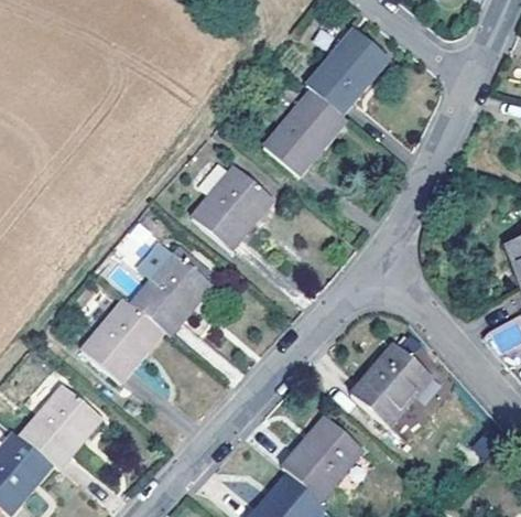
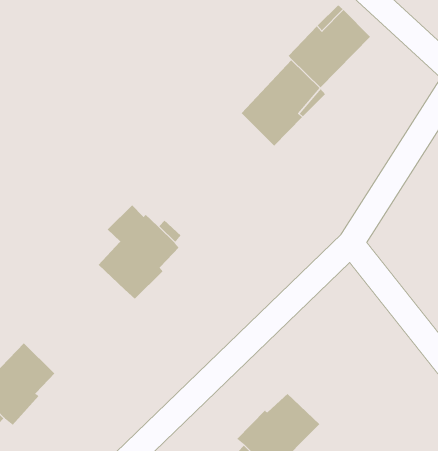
building: [192,164,268,245] -> none
building: [85,298,161,379] -> none
building: [350,342,427,422] -> none

